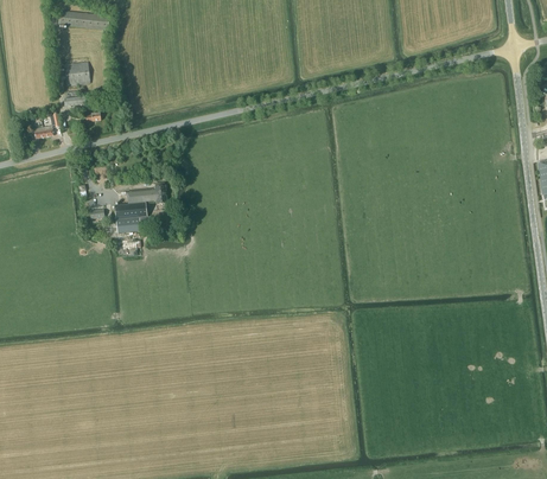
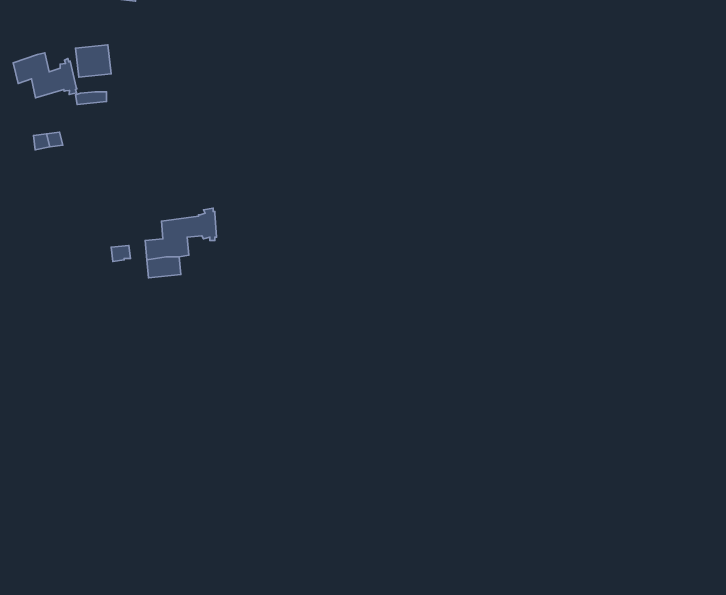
building: none -> [13,53,77,98]

